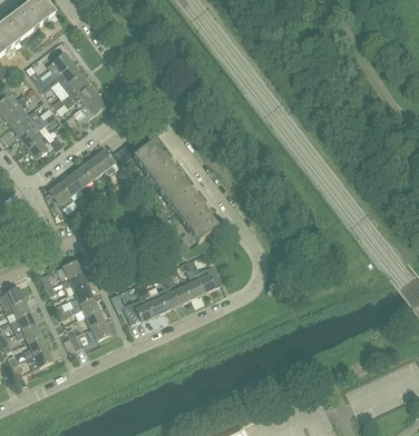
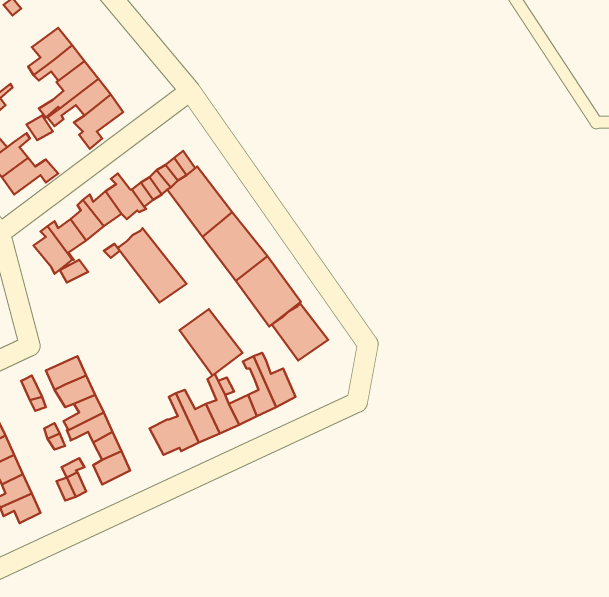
building: none -> [117,228,186,303]
building: none -> [272,304,328,360]
building: none -> [179,309,243,375]

